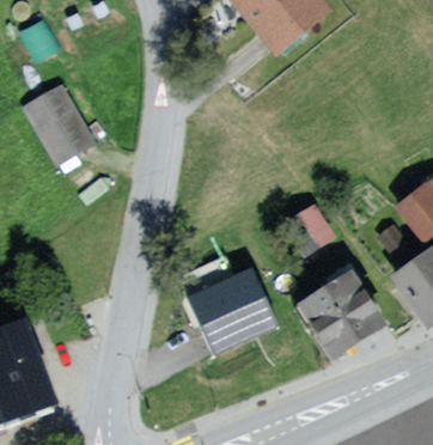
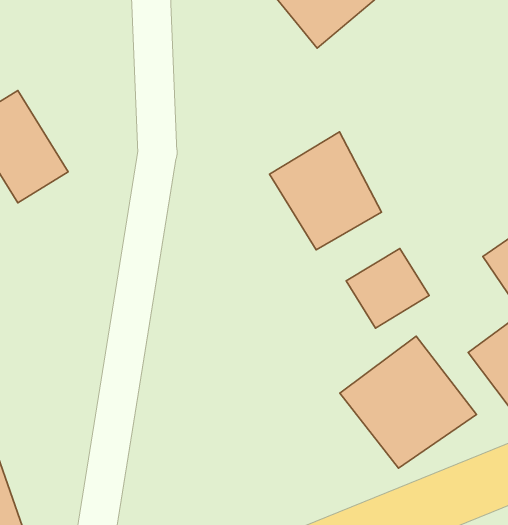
building: none -> [269,132,382,250]
building: [183,267,276,356] -> none

